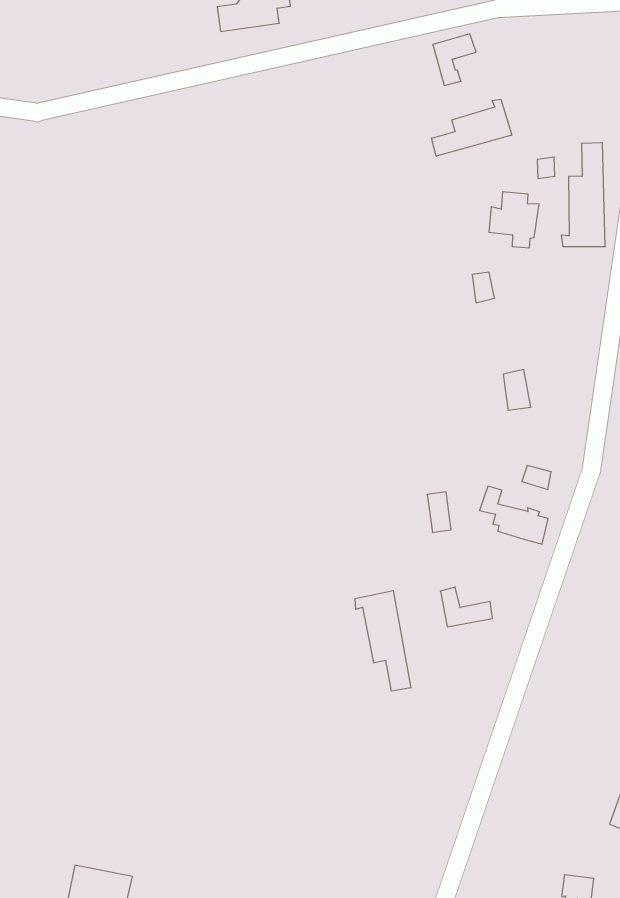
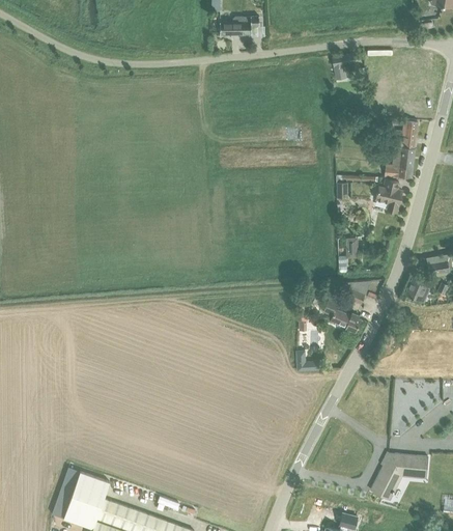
building: [432,99,512,156] -> none
building: [489,192,539,248] -> [374,180,403,213]
building: [355,591,411,691] -> none

